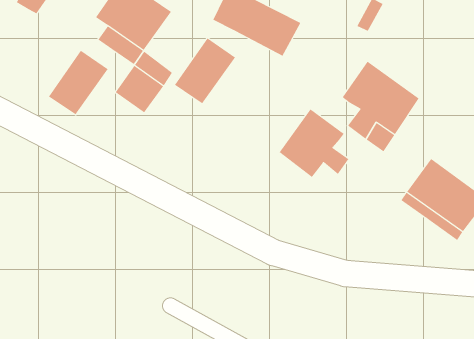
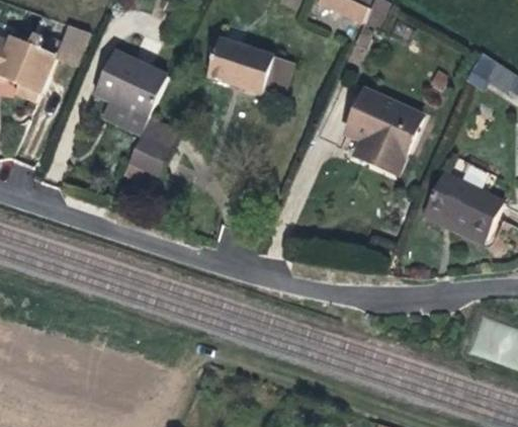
building: [174,38,236,104] -> none
building: [48,50,108,115] -> none
building: [279,108,349,178] -> none

